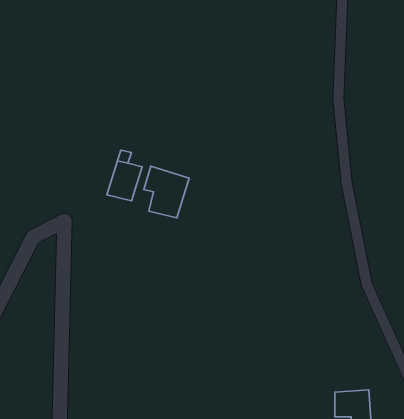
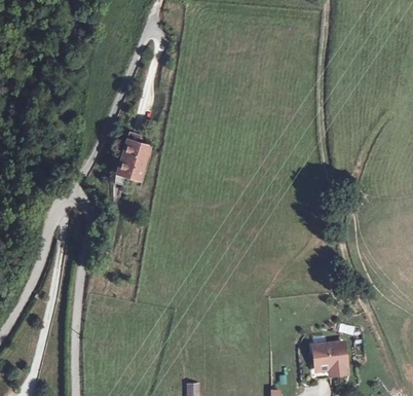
building: [144,166,189,218] -> none

